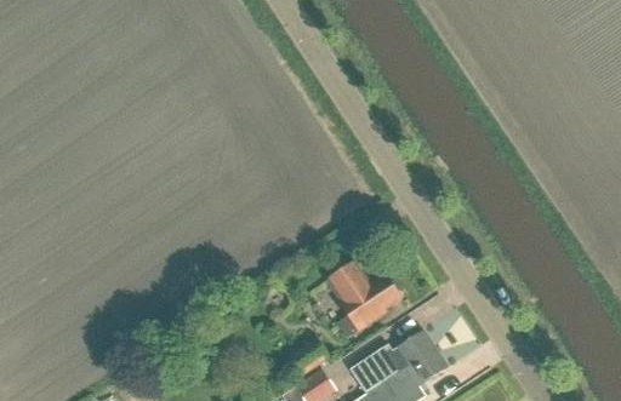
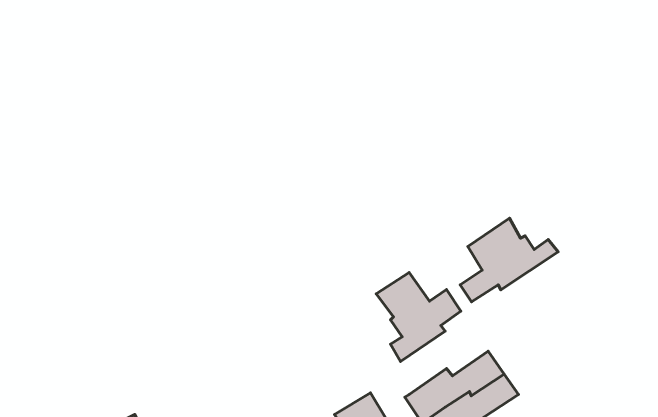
building: none -> [460,218,558,302]

